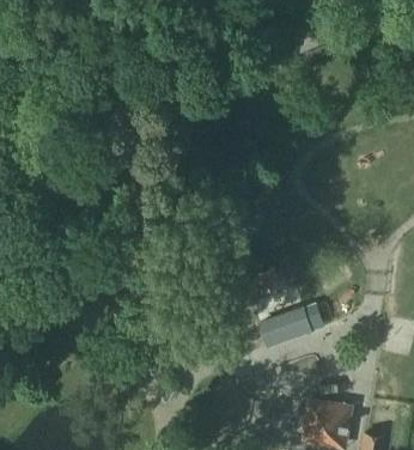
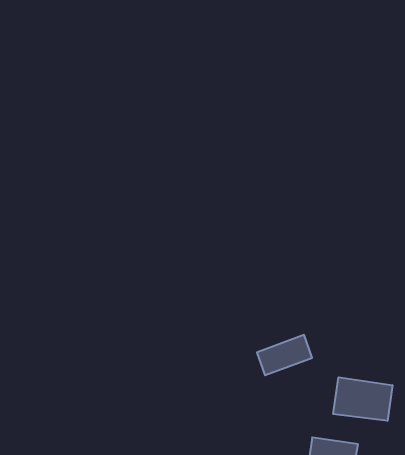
building: none -> [333,377,392,421]

